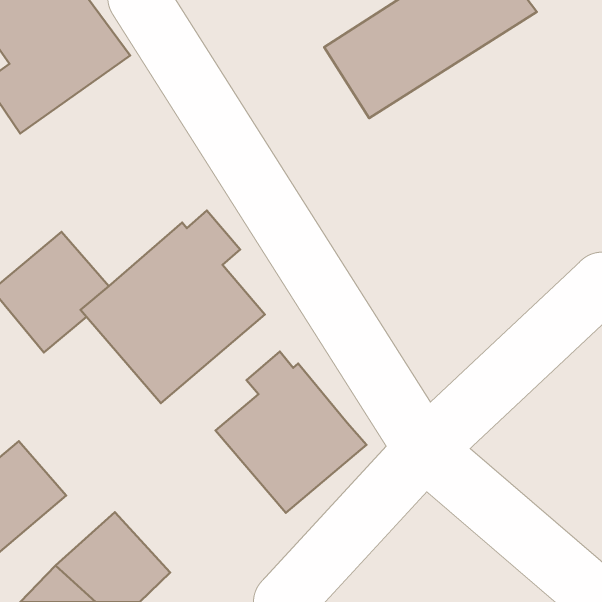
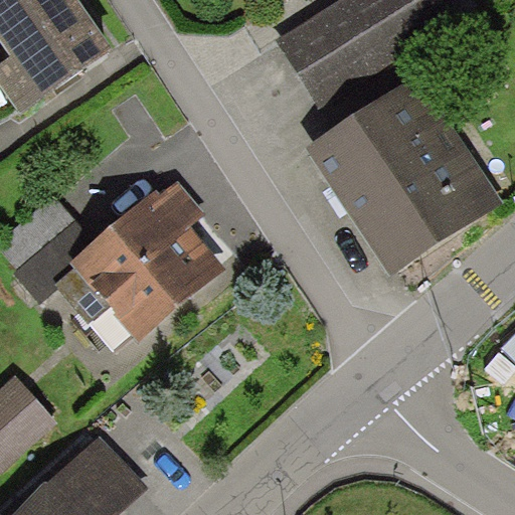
building: none -> [306,74,502,276]
building: [216,352,366,513] -> none

